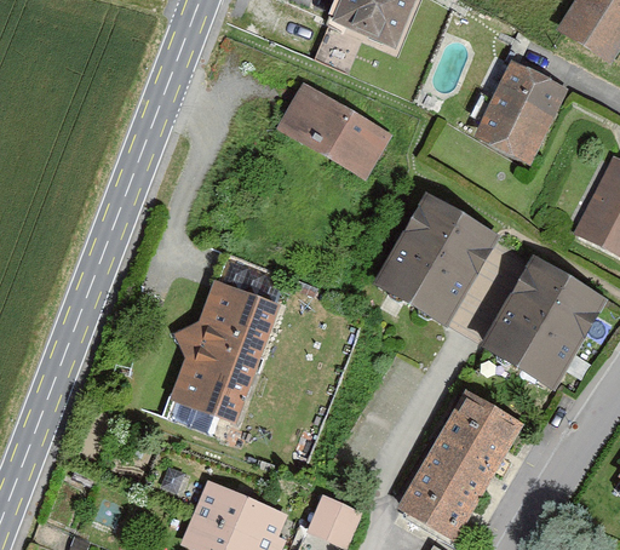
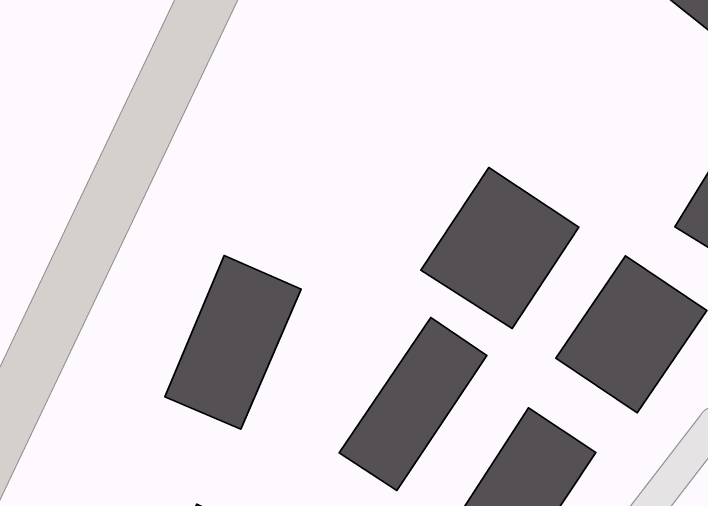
building: [475,59,568,162] -> none
building: [279,81,392,177] -> none
building: none -> [339,318,487,491]

